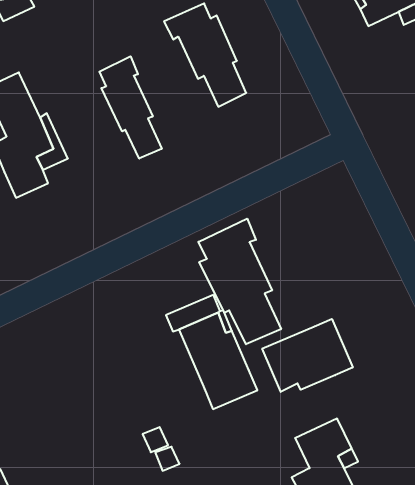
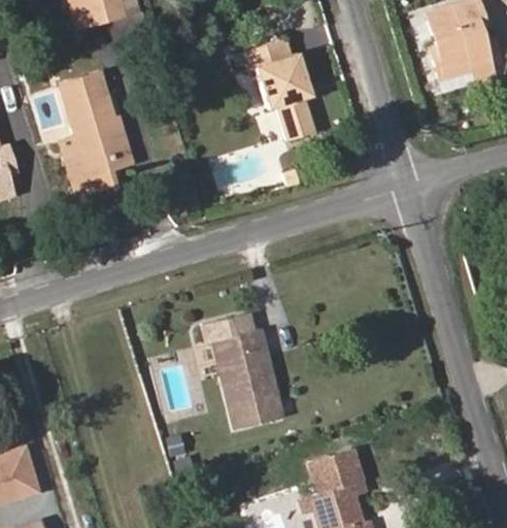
building: [99,56,162,159] -> none
building: [198,219,281,344] -> none
building: [262,319,353,392] -> none

